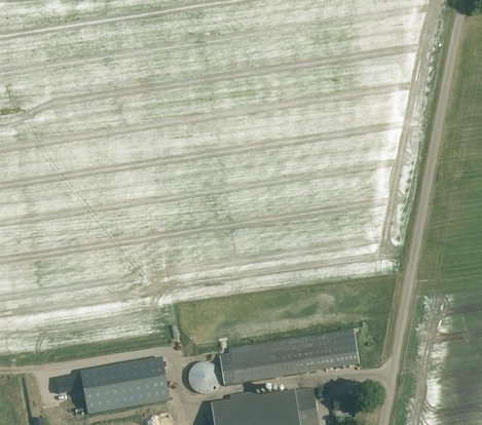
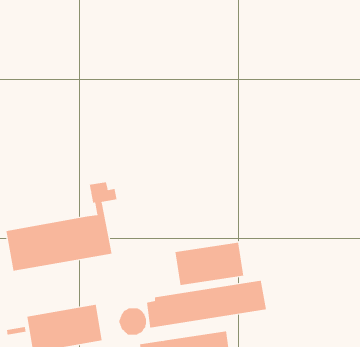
building: none -> [6,181,117,272]
building: none -> [175,242,244,286]

